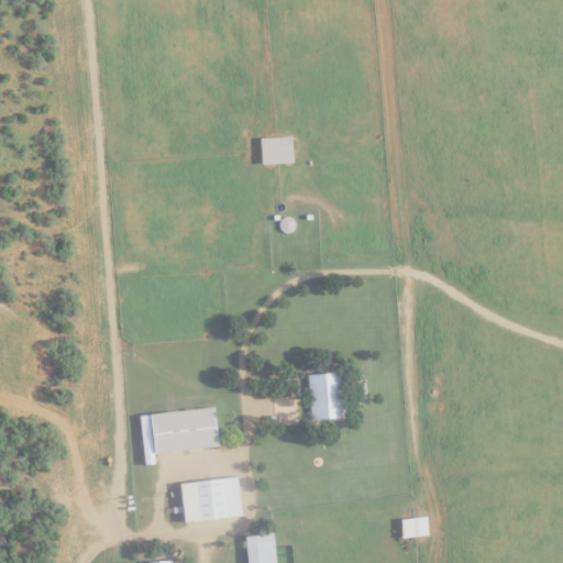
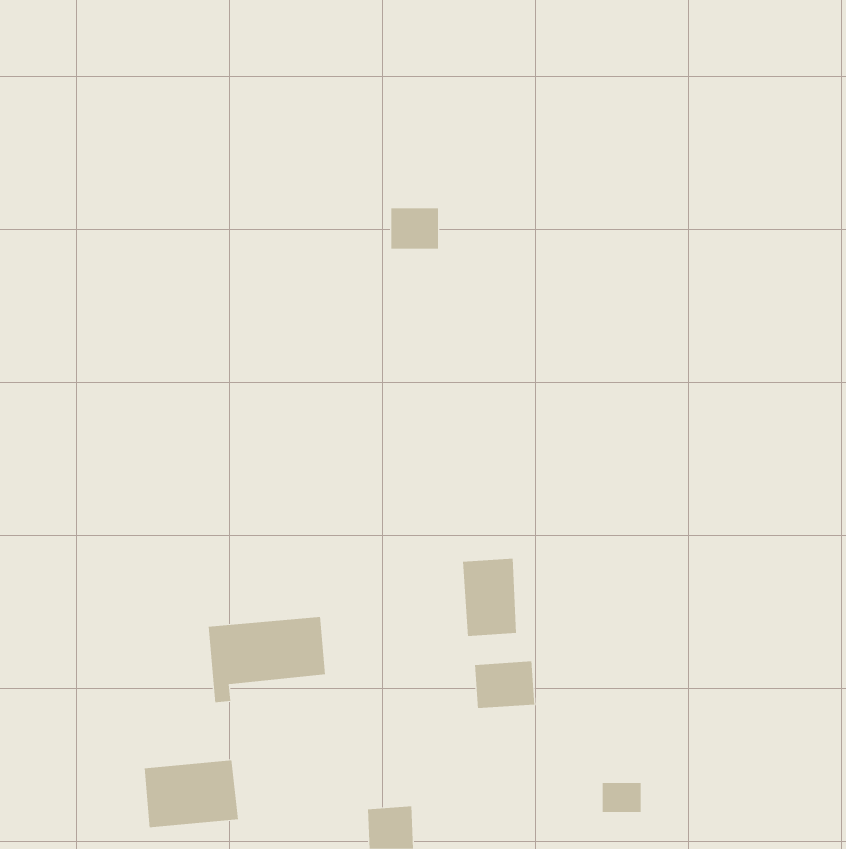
building: none -> [475,661,535,709]
building: [179,477,242,522] -> [144,760,239,828]

